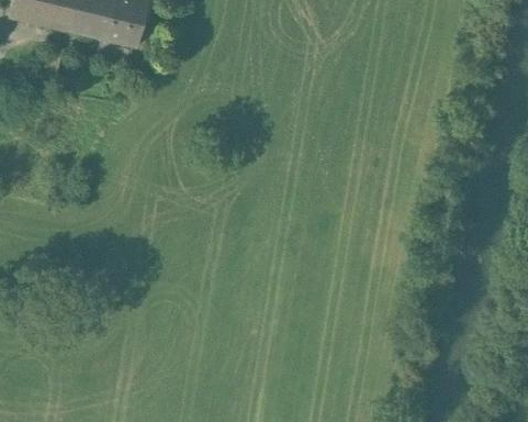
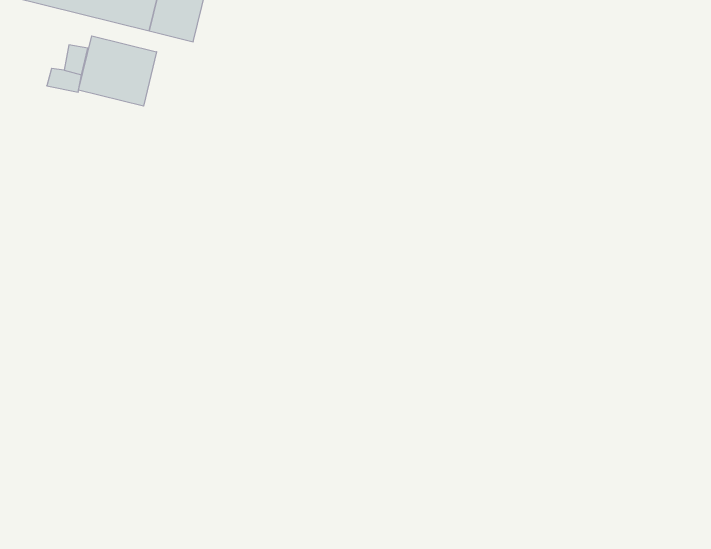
building: none -> [79,36,157,106]

